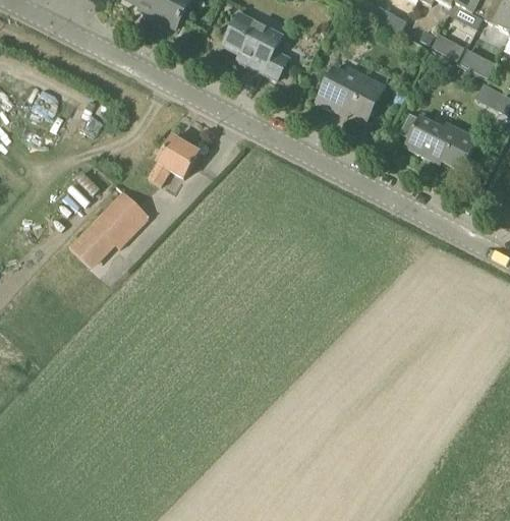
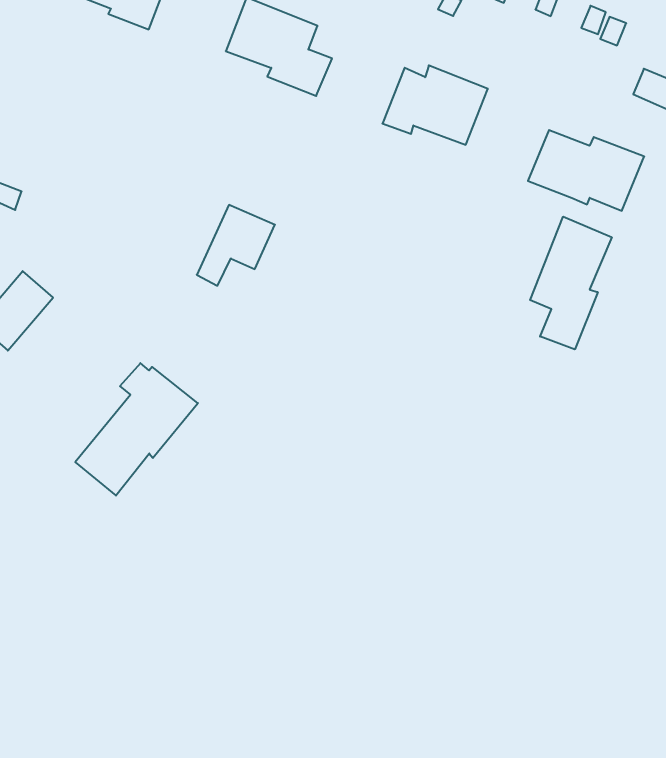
building: [148,136,200,186] -> [197,205,275,286]
building: none -> [530,217,612,349]
building: [69,188,150,270] -> [75,363,198,496]

